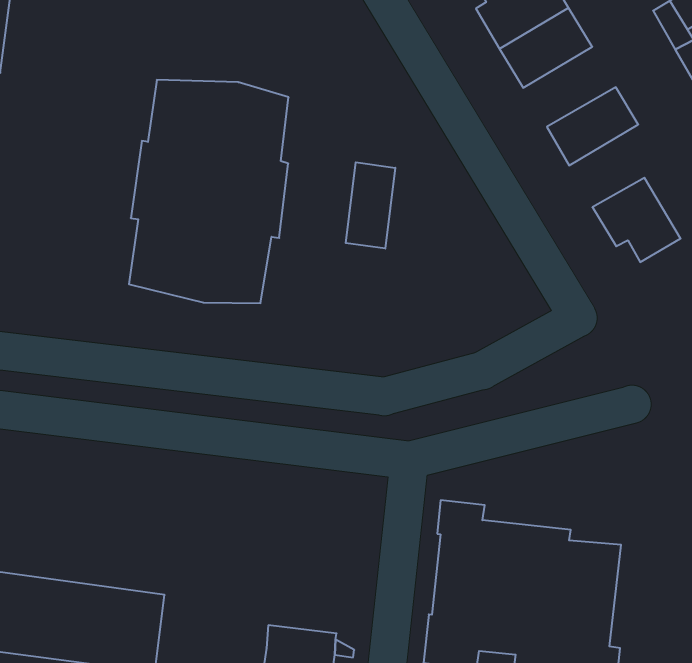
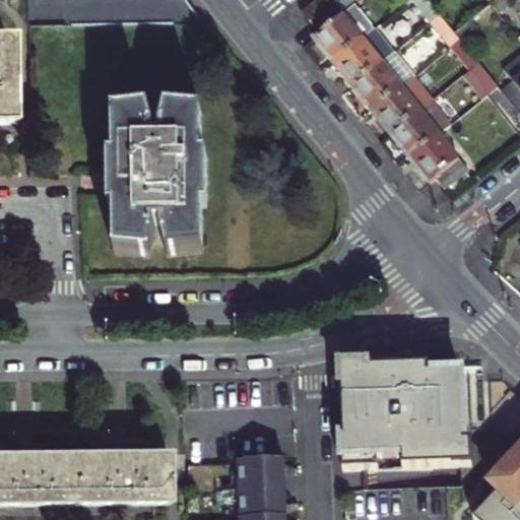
building: none -> [352,48,413,105]
building: none -> [390,94,452,153]
building: [346,162,395,249] -> none

